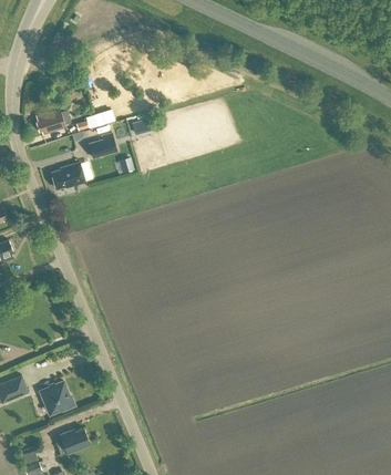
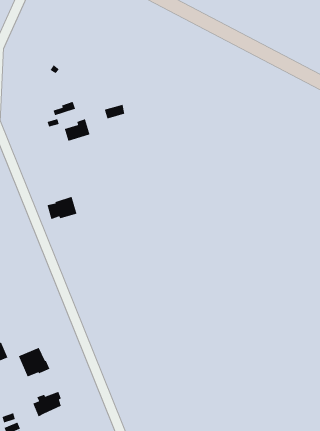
building: [33,110,65,135] -> none
building: [50,162,83,188] -> [47,196,77,220]

